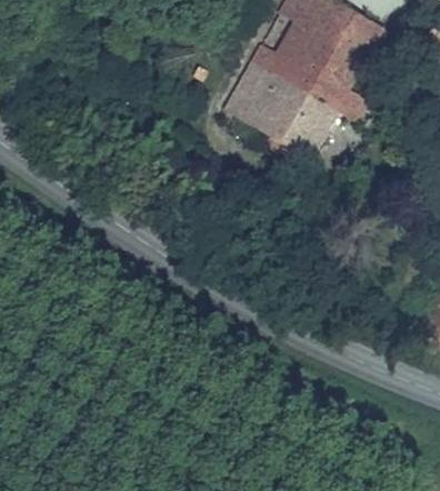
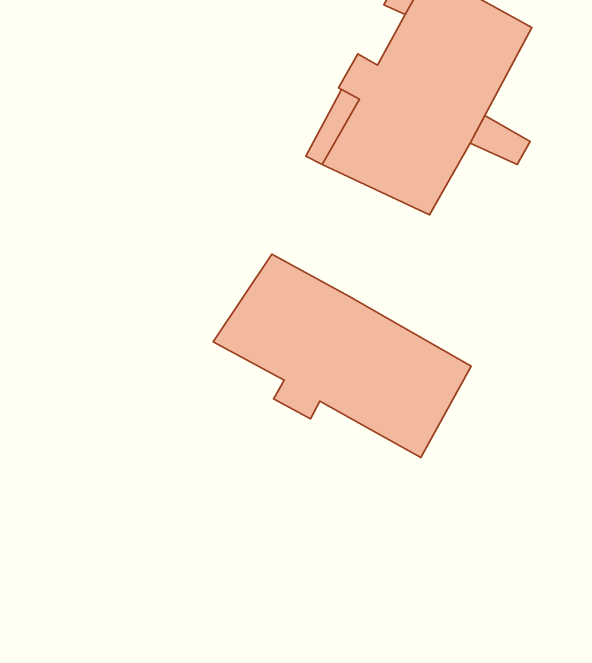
building: none -> [213,254,471,457]

